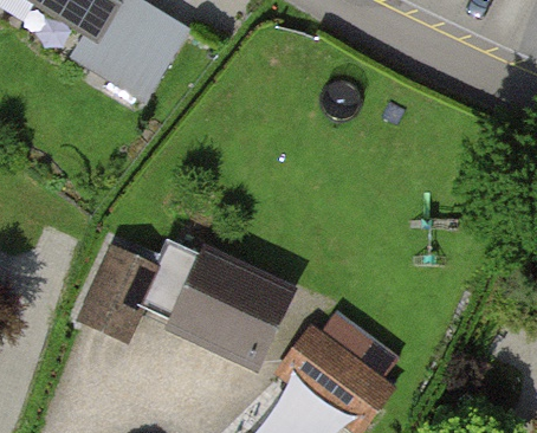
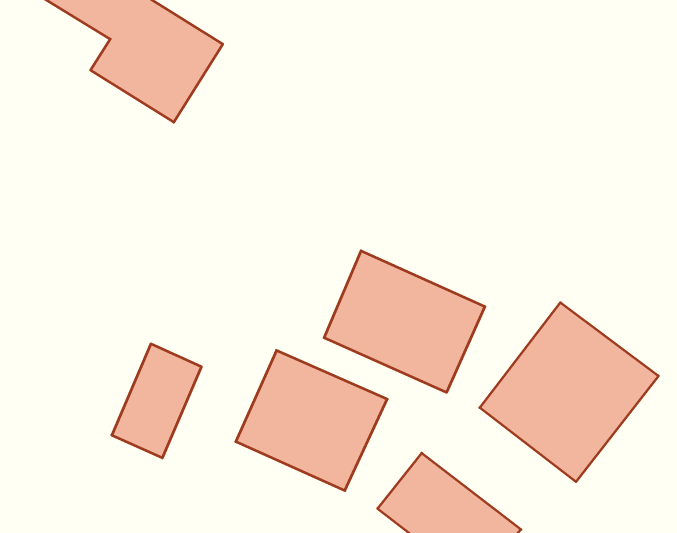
building: none -> [324,251,485,392]
building: none -> [480,303,658,482]

